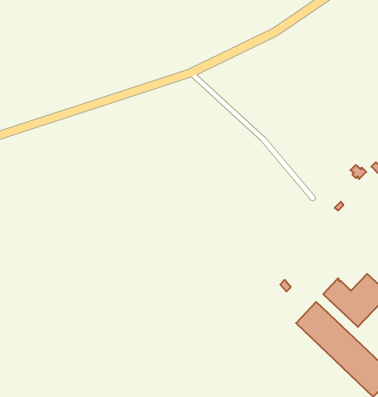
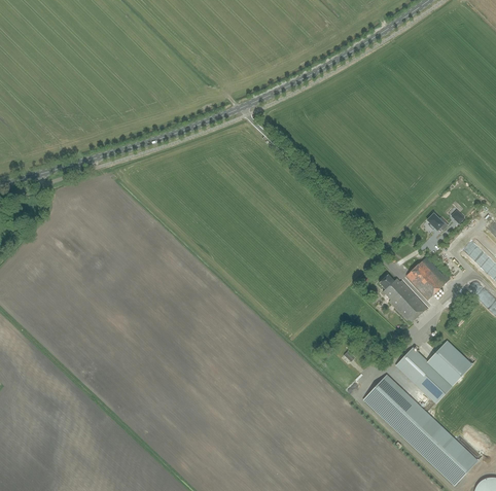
building: none -> [406,260,444,300]
building: none -> [379,274,427,323]

